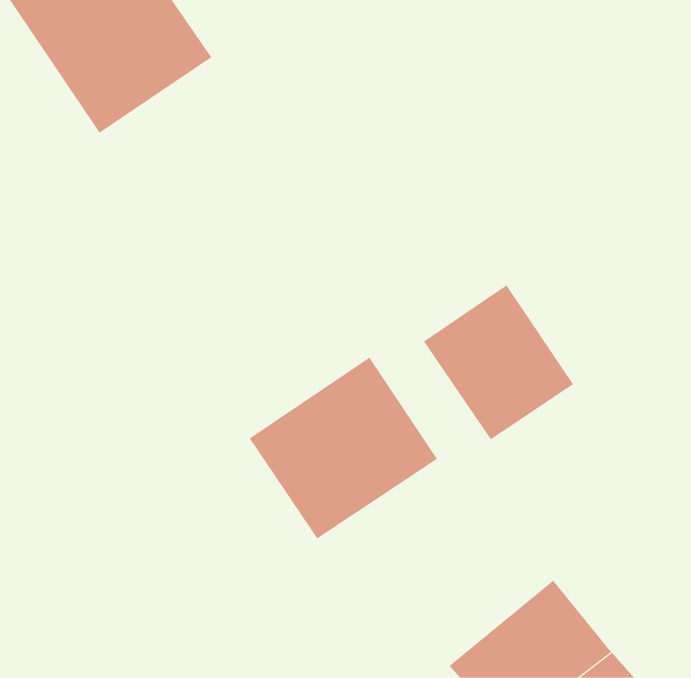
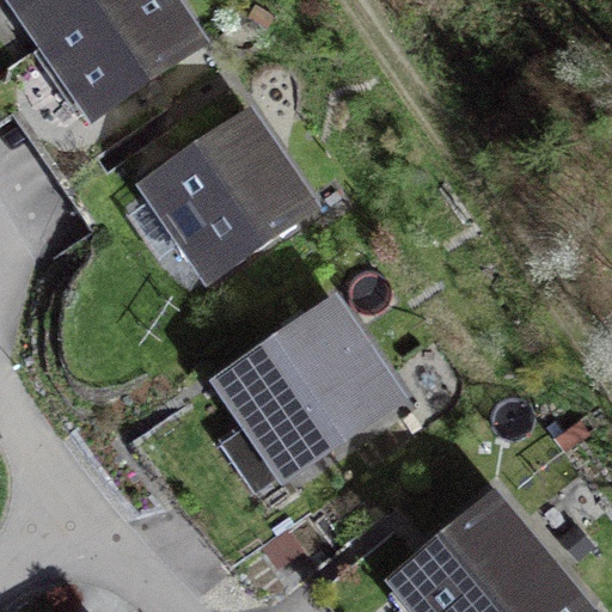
building: none -> [148,127,304,279]
building: [423,284,574,440] -> none

